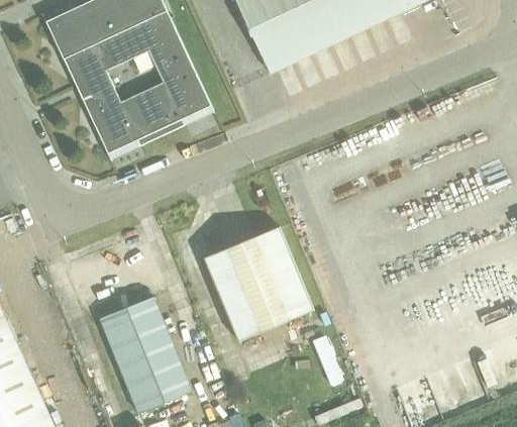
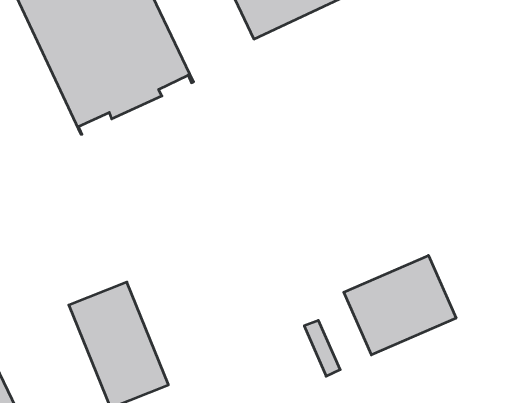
building: [203,227,313,341] -> none
building: none -> [344,255,456,355]

